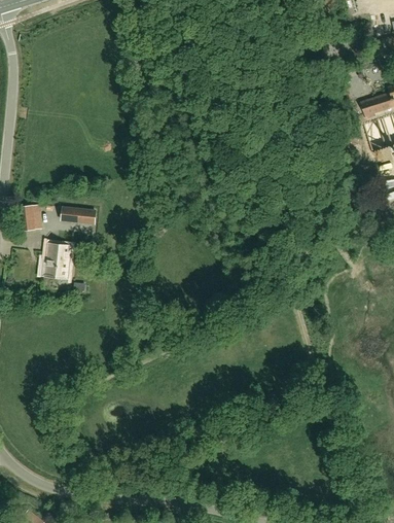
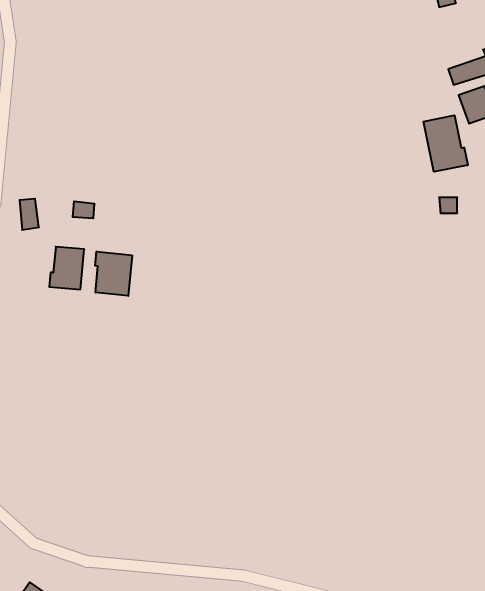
building: none -> [423,115,468,172]
building: none -> [95,251,132,296]

